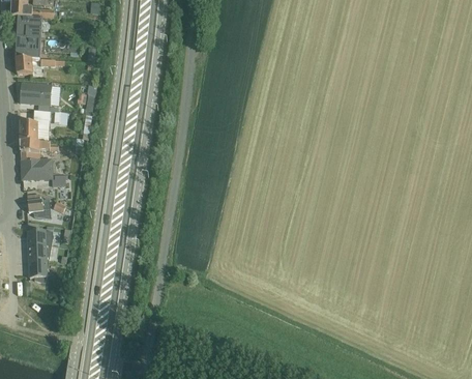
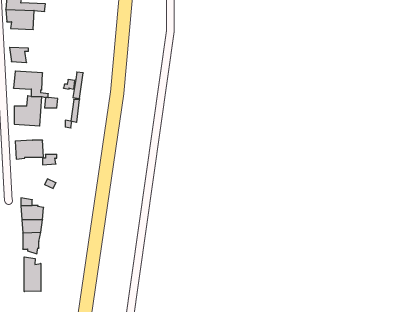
building: [14,36,40,59] -> none
building: [20,141,58,159] -> none
building: [26,193,51,218] -> none
building: none -> [24,257,41,292]

